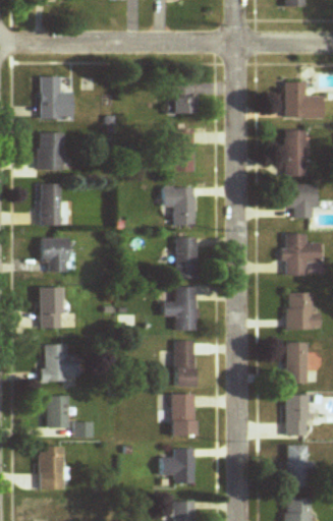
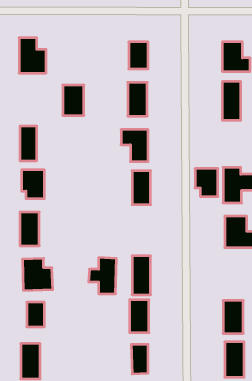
building: [37,132,62,169] -> [63,85,84,115]
building: [286,184,314,218] -> [195,169,218,196]
building: [162,286,196,330] -> [89,258,116,294]
building: [285,342,315,382] -> none

